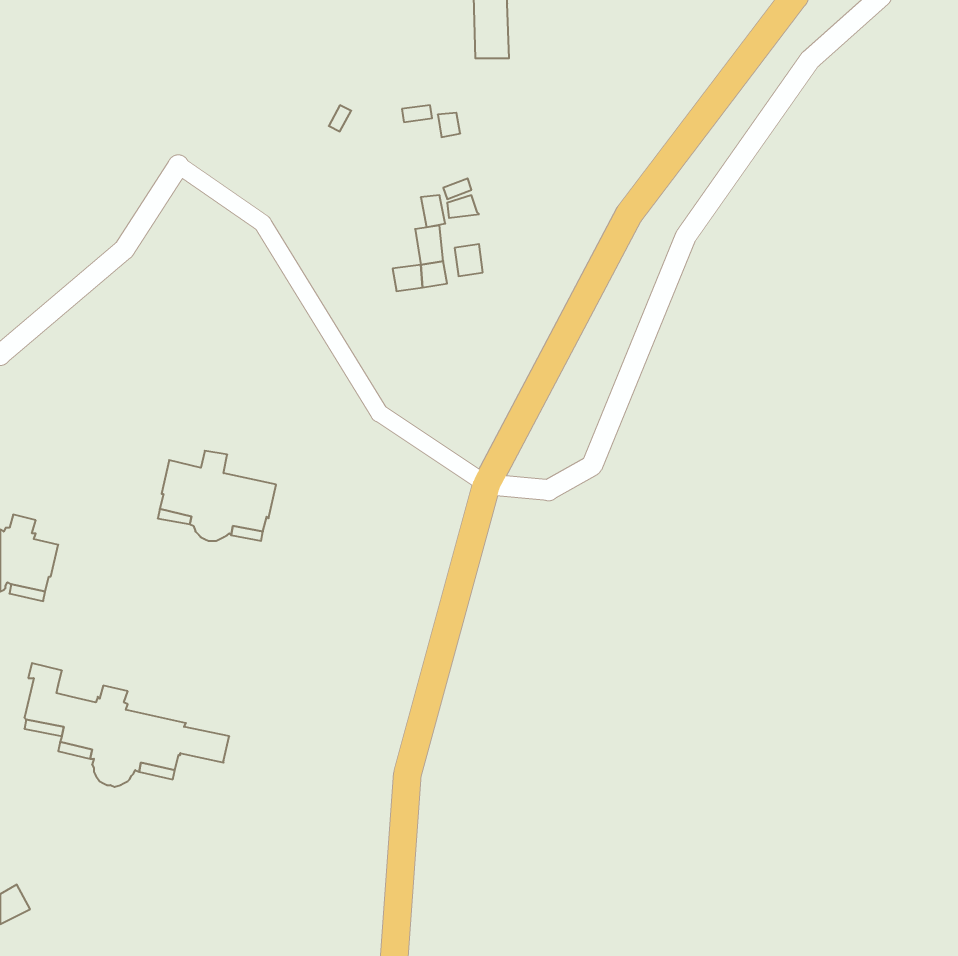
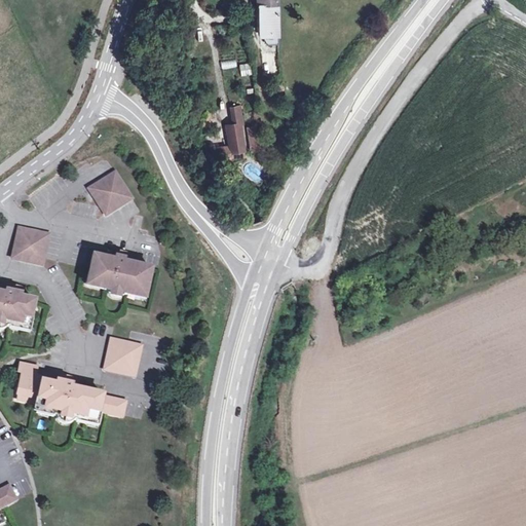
building: none -> [90,165,134,210]
building: none -> [10,222,48,261]
building: none -> [105,338,143,376]

